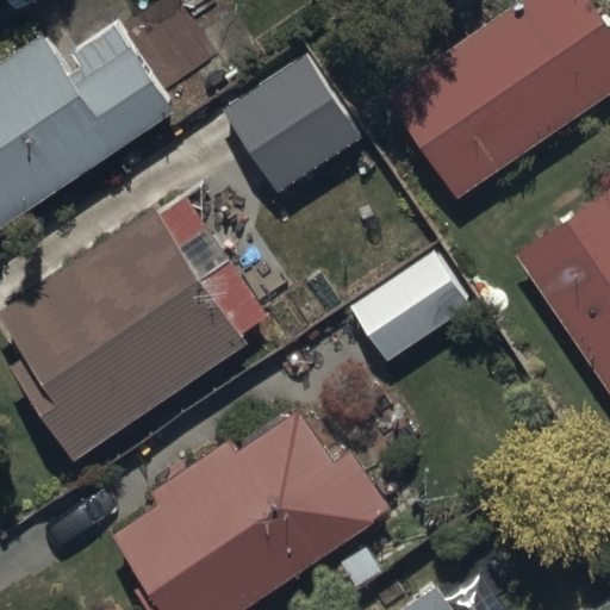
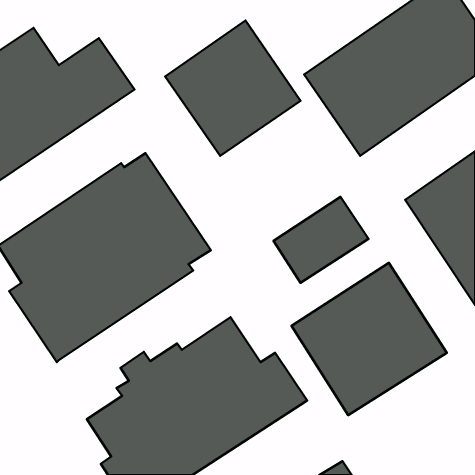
building: none -> [291,263,447,415]

